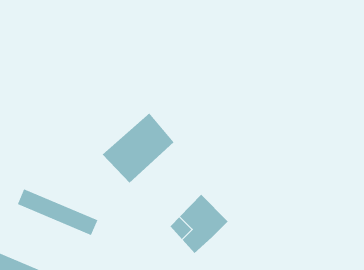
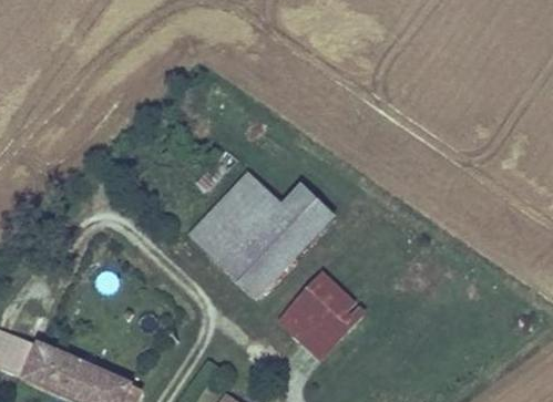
building: none -> [226,187,337,290]
building: [17,188,98,236] -> none

